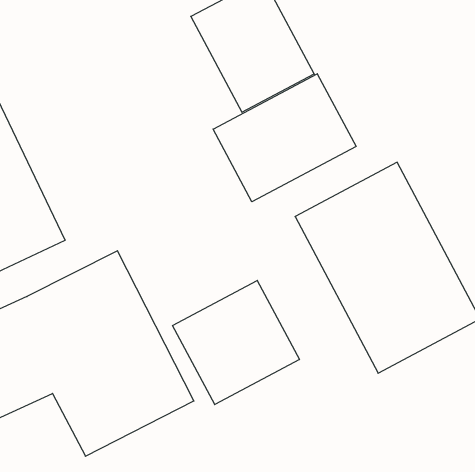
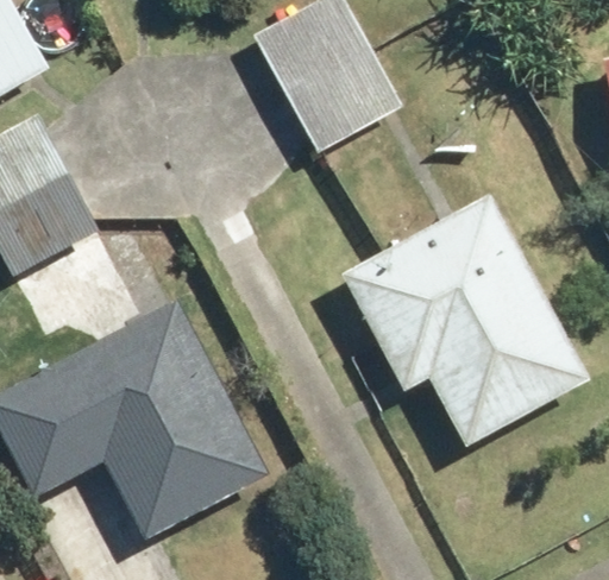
building: [213,74,356,202] -> none
building: [173,280,299,405] -> none

